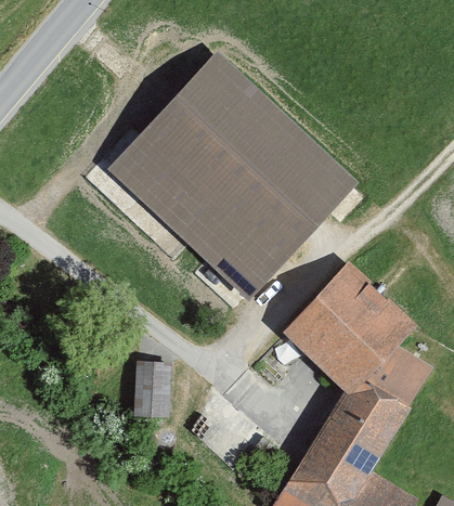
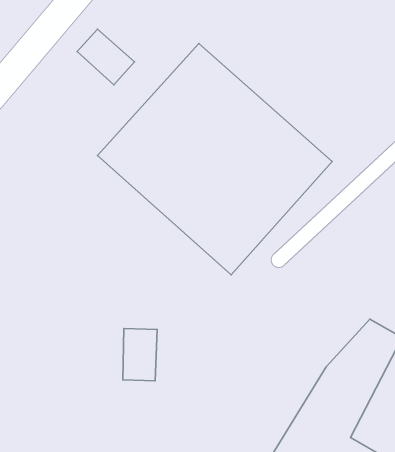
building: none -> [77,29,135,85]
building: [286,267,417,399] -> none

